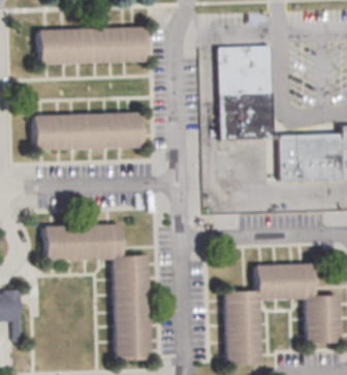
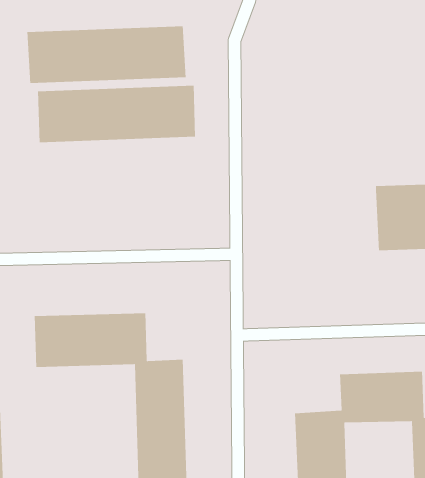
building: [217,45,278,139] -> none
building: [33,110,143,150] -> [37,85,196,143]

